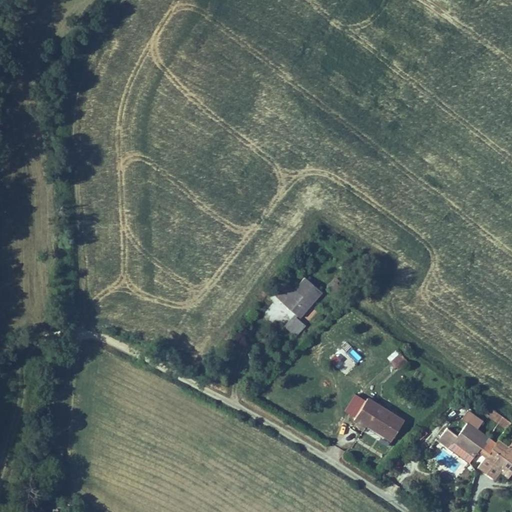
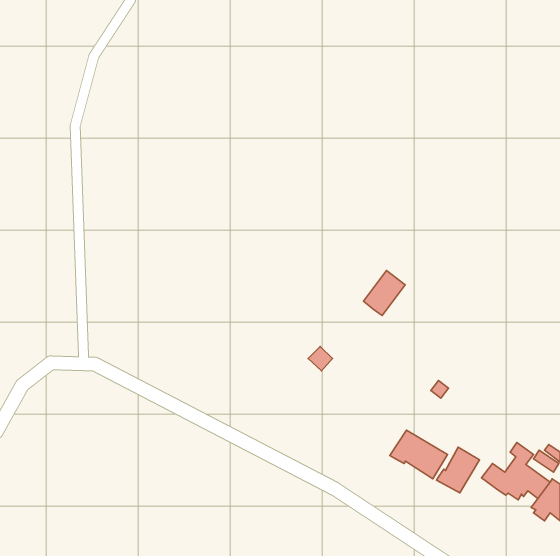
building: [282,279,320,320] -> [363,270,405,316]
building: none -> [437,447,480,493]

